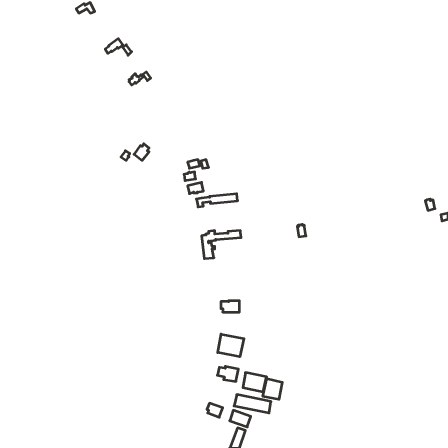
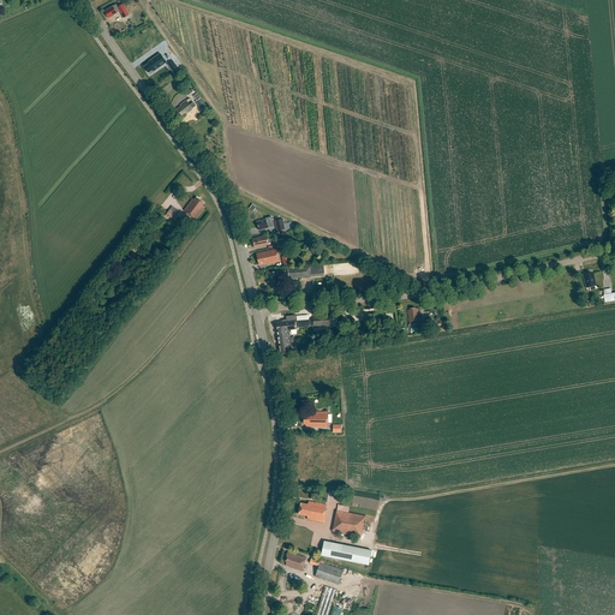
building: [218,334,244,357] -> none
building: [263,379,282,399] -> none

